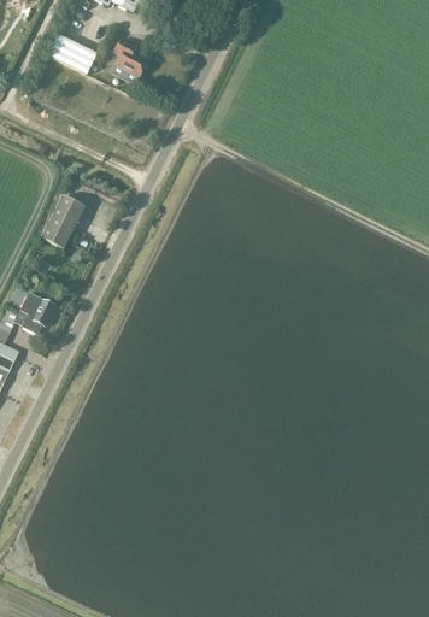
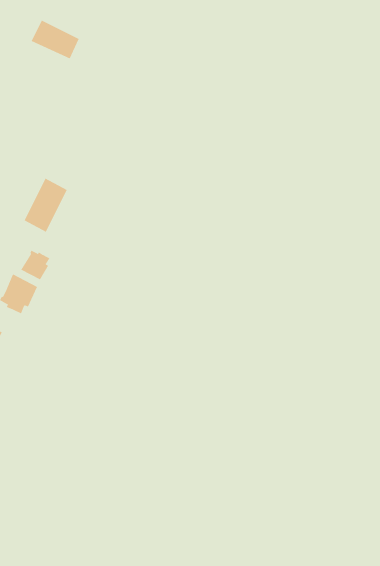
building: [113,39,147,75] -> none
building: none -> [21,250,50,280]

